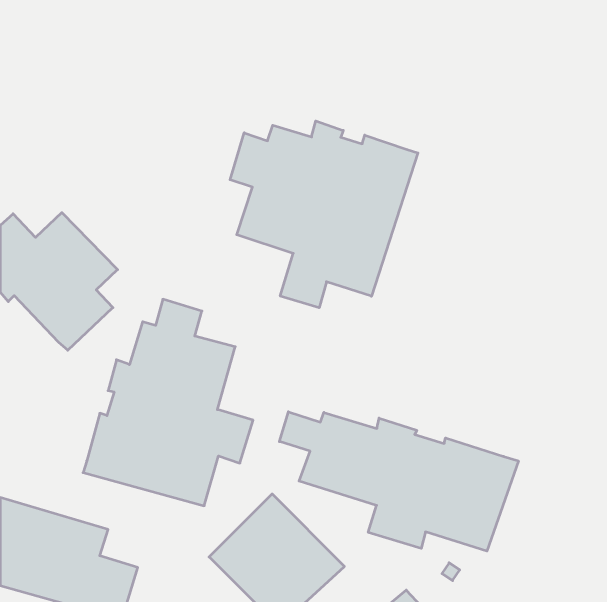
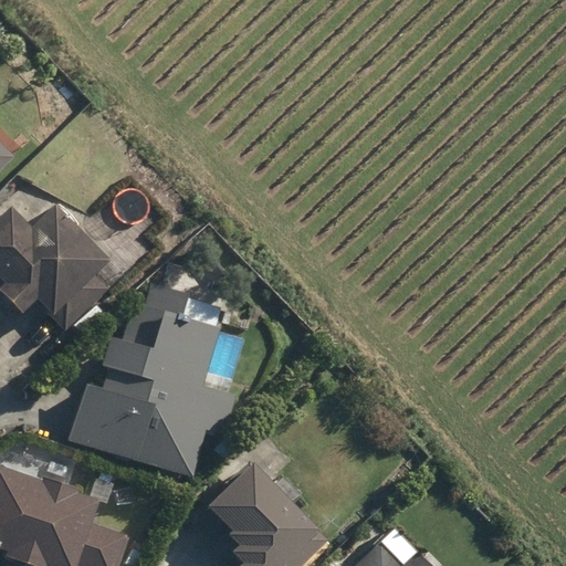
building: [230,121,418,308] -> none
building: [279,412,518,551] -> none

